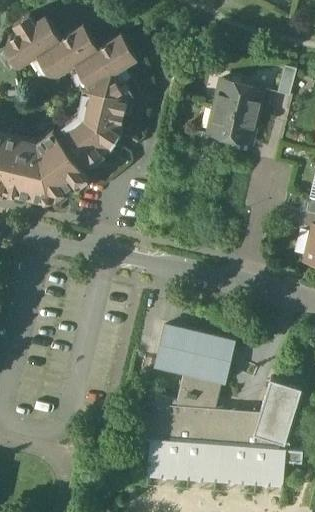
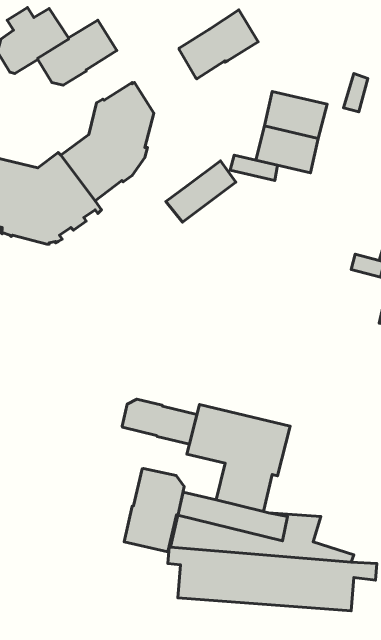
building: [75,32,137,86] -> [179,10,258,79]
building: none -> [166,161,236,222]
building: none -> [122,399,197,444]
building: none -> [124,468,184,552]
building: [253,378,302,443] -> none

